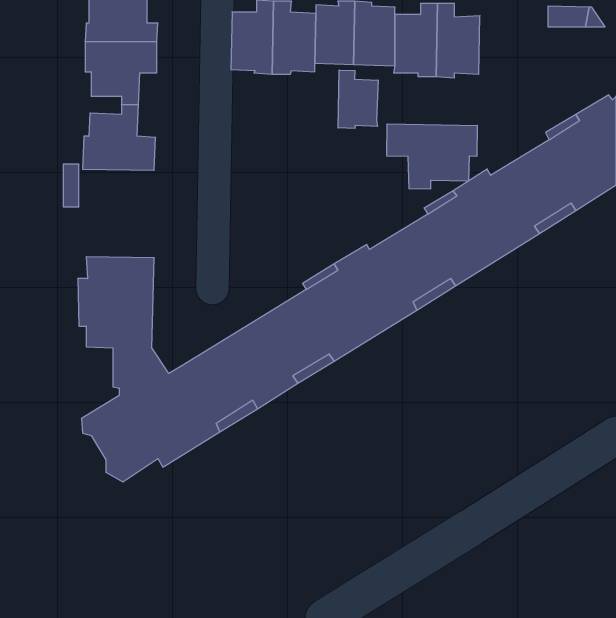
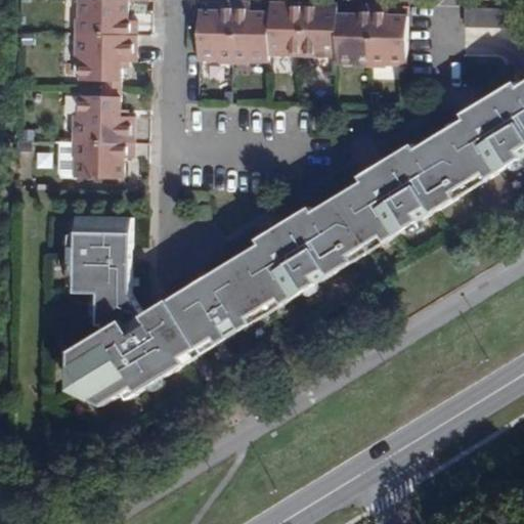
building: [338,70,378,128] -> none
building: [387,124,477,189] -> none
building: none -> [69,142,130,178]

